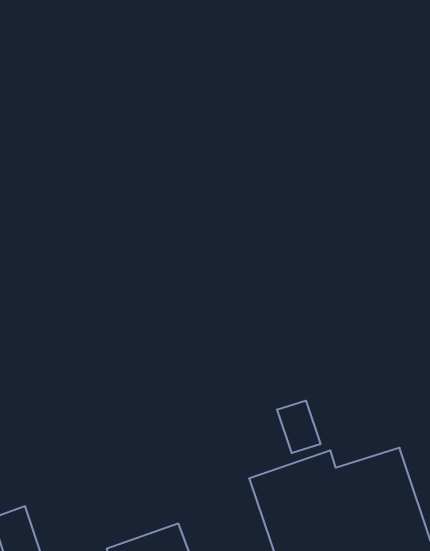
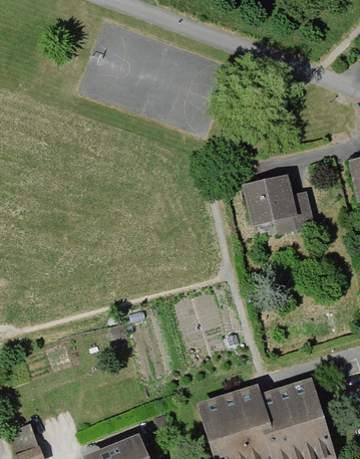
building: none -> [246,174,311,230]
building: [277,401,320,453] -> none

